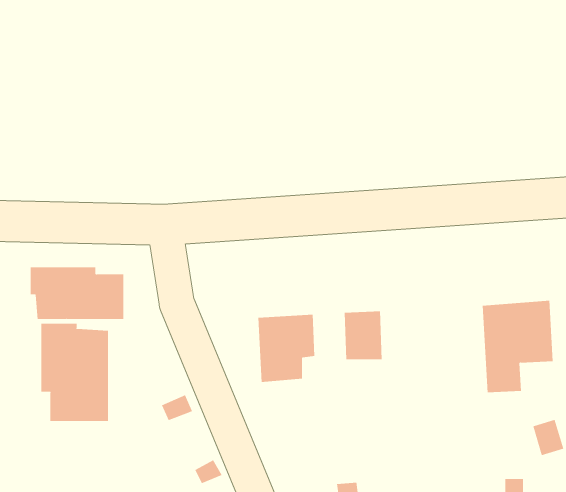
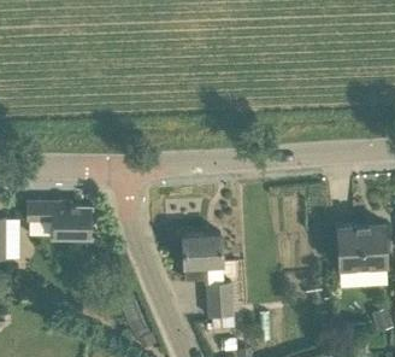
building: [344,311,382,360] -> [207,283,234,317]
building: [41,323,109,422] -> none

